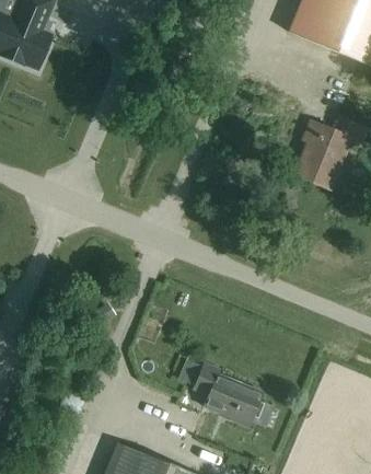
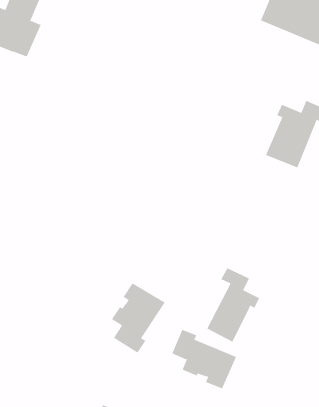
building: none -> [206,267,260,342]
building: none -> [111,282,165,353]

